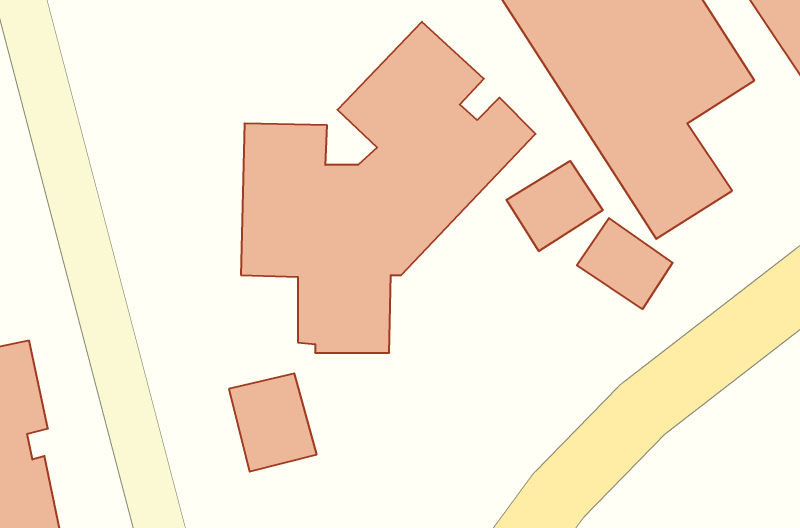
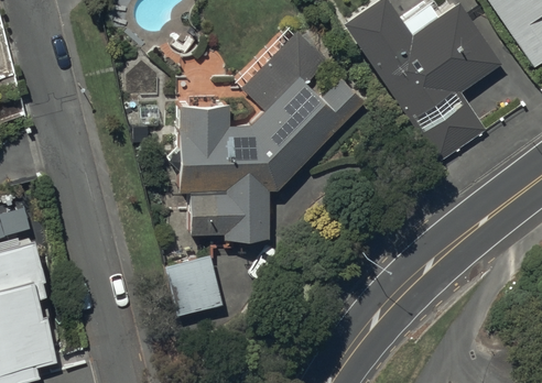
building: [506,161,603,251] -> none
building: [577,218,673,309] -> none

